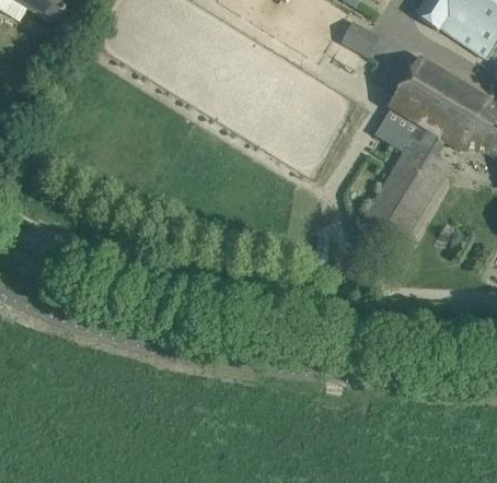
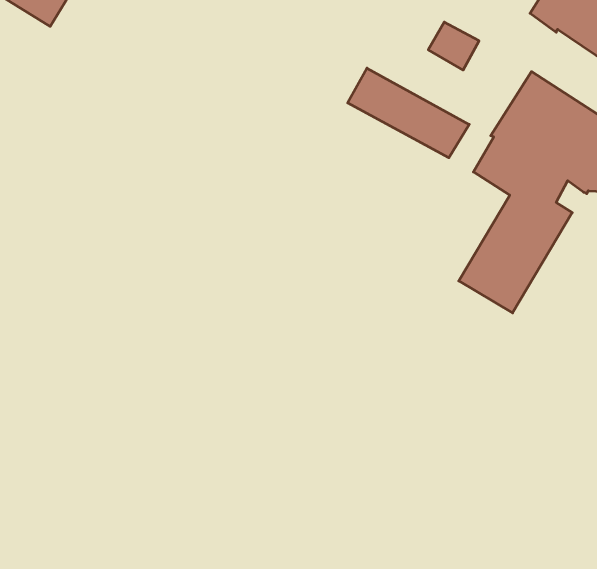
building: none -> [348,68,469,158]

